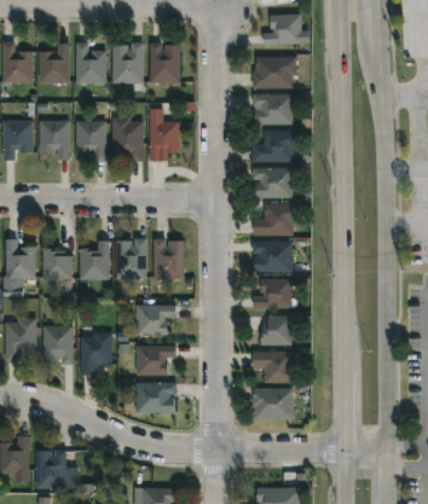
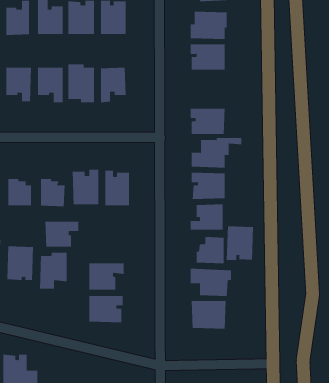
building: [251,129,295,162] -> none
building: none -> [226,225,254,261]
building: [135,305,175,335] -> [44,221,79,247]

